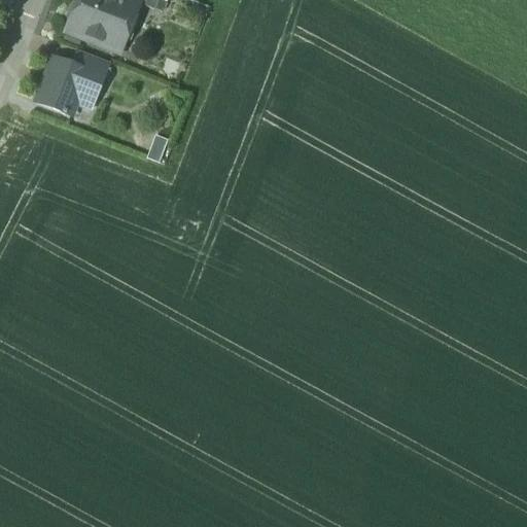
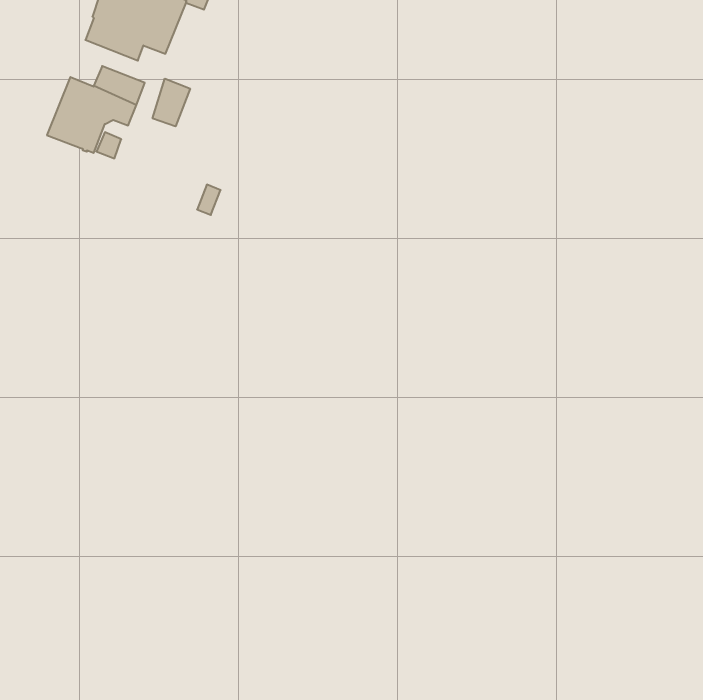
building: none -> [153,79,190,126]

